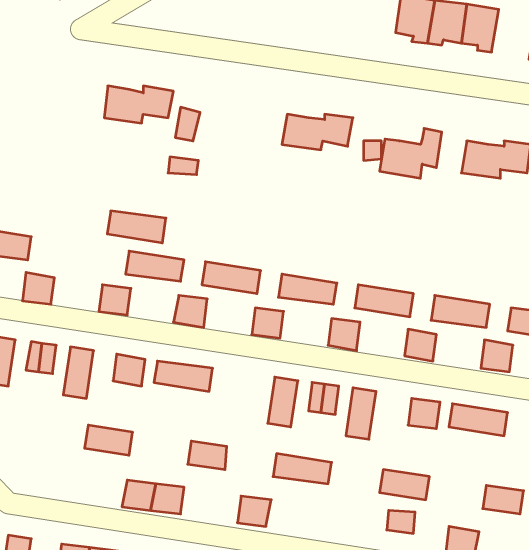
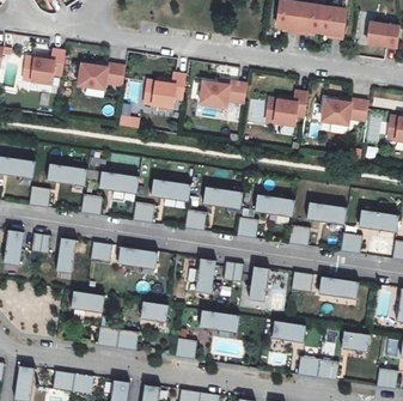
building: none -> [29,48,71,81]
building: none -> [148,72,190,105]
building: [107,211,166,243] -> [47,165,86,187]

